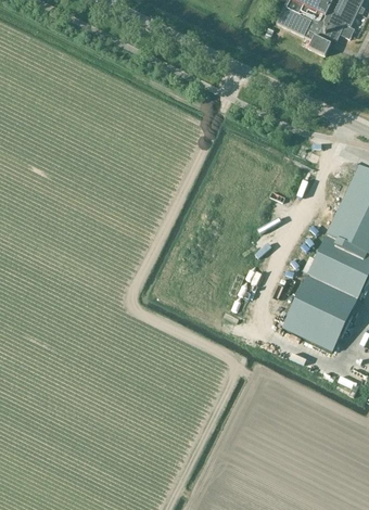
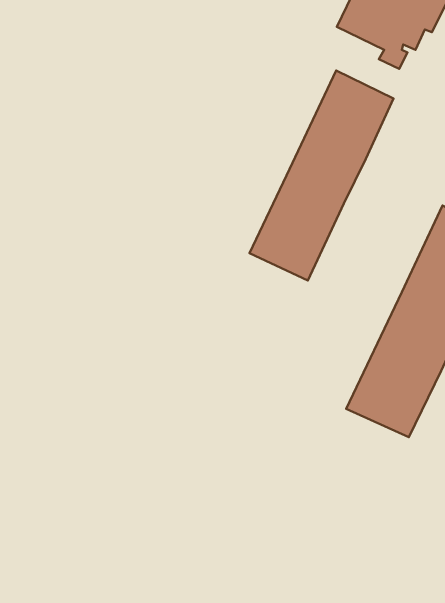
building: none -> [249,70,393,280]

